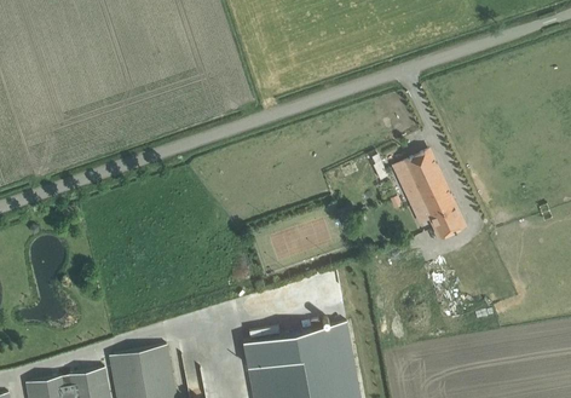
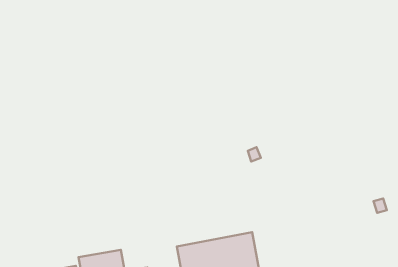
building: [394,151,465,238] -> none

